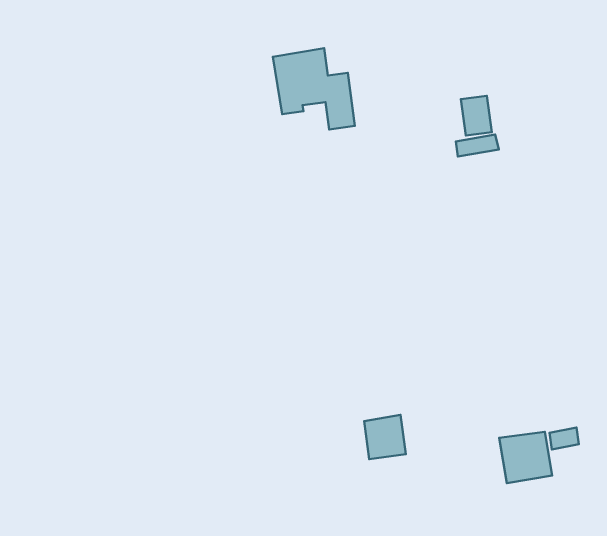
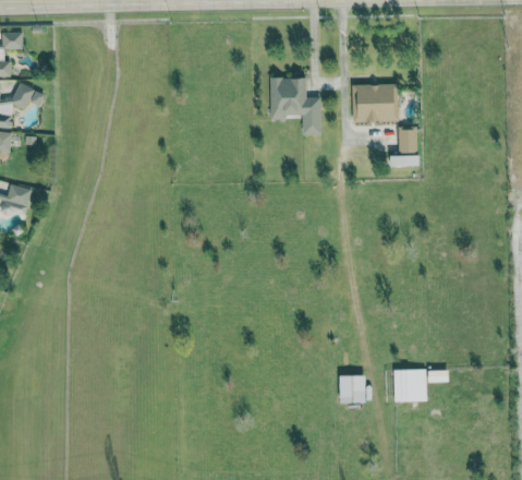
building: none -> [351,83,397,121]
building: [364,415,406,459] -> [339,374,365,403]

